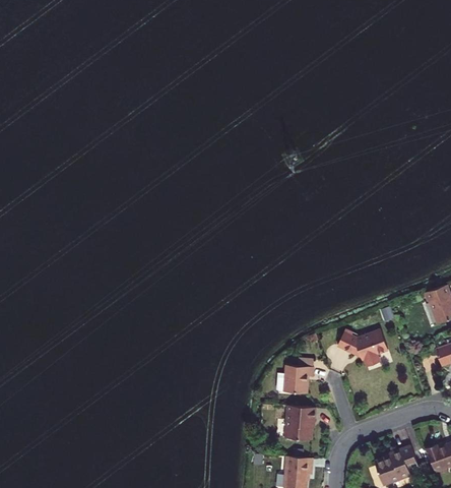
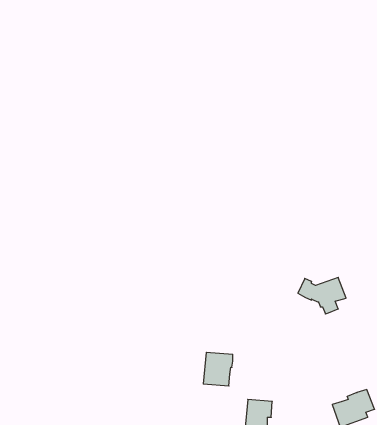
building: [284,366,313,394] -> none
building: [284,406,315,440] -> [203,352,233,386]

